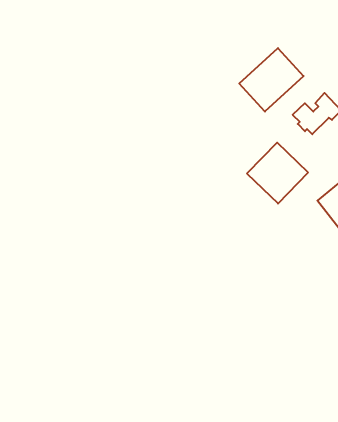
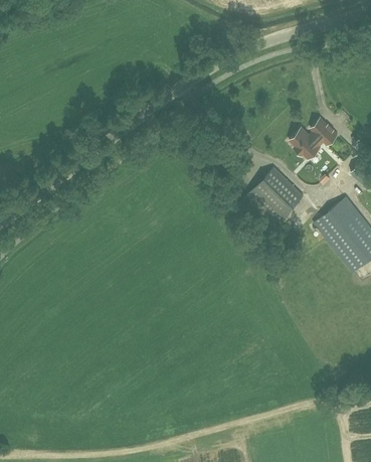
building: [239,48,304,112] -> none

